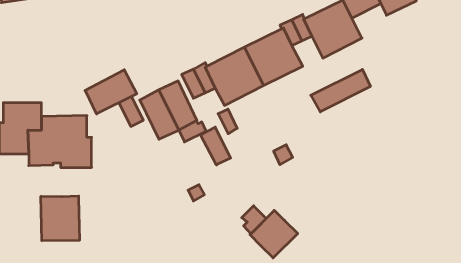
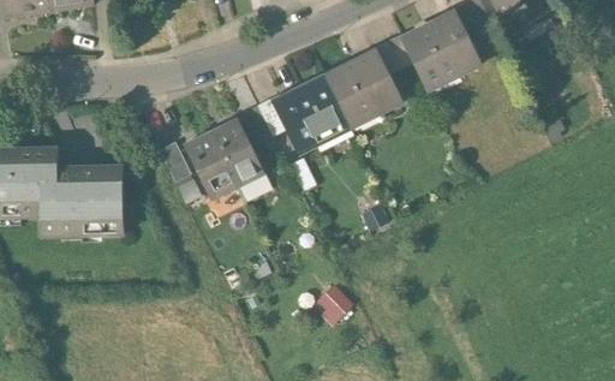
building: [311,69,370,112] -> none
building: [85,70,137,114] -> none
building: [201,127,231,165] -> none
building: [41,196,79,241] -> none
building: [250,210,298,258] -> none

